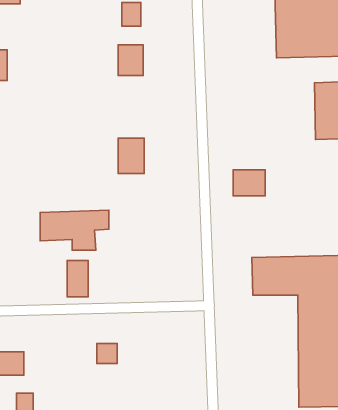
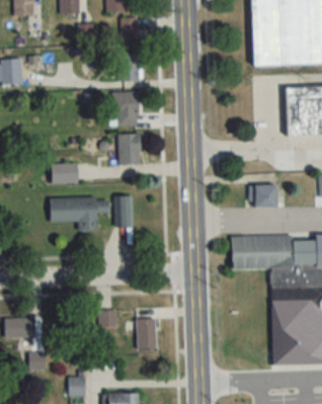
building: none -> [112,92,138,126]
building: [233,170,265,196] -> [250,186,277,209]
building: none -> [52,164,78,184]
building: [67,260,88,297] -> [115,196,134,228]
building: none -> [137,319,156,350]

